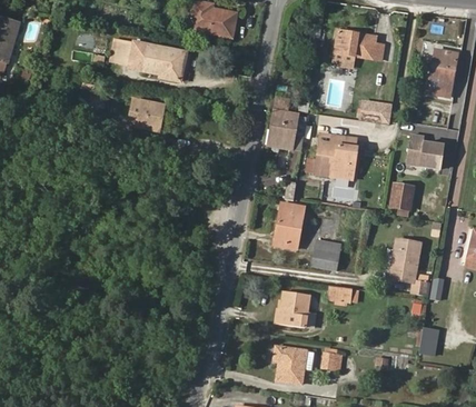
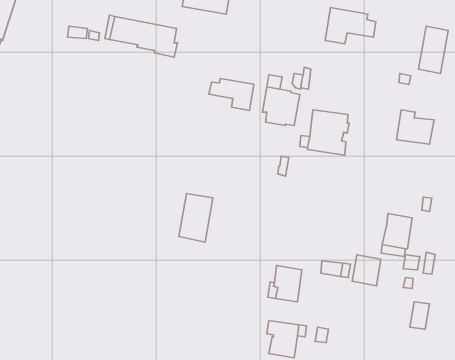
building: [109,98,165,133] -> none
building: [357,99,391,123] -> none
building: none -> [209,78,254,110]
building: [387,181,414,210] -> none
building: [270,200,305,249] -> [179,194,213,242]
building: [311,239,340,270] -> [352,255,381,286]

